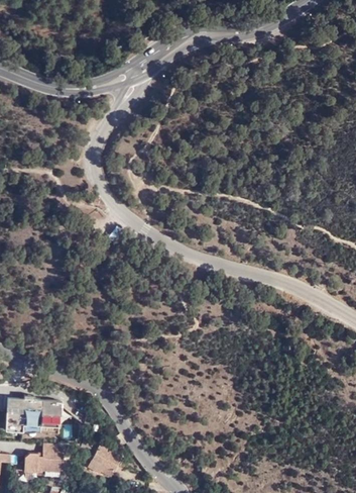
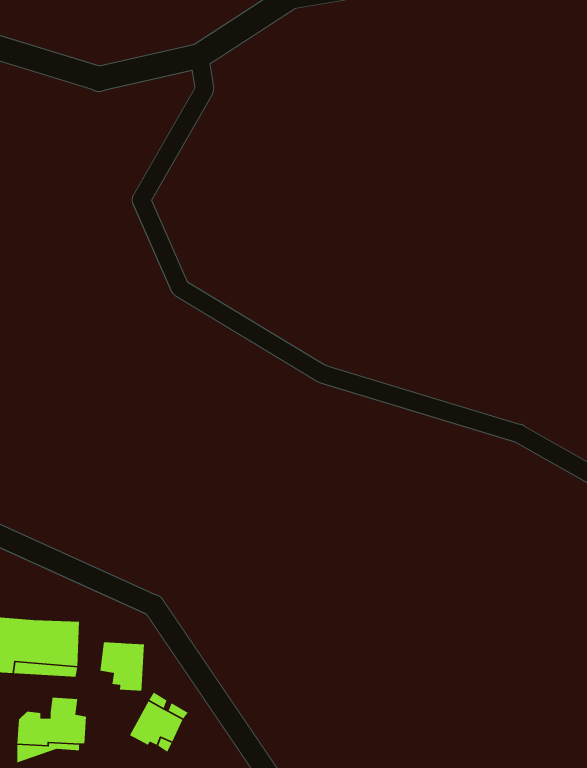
building: none -> [100,641,145,691]

